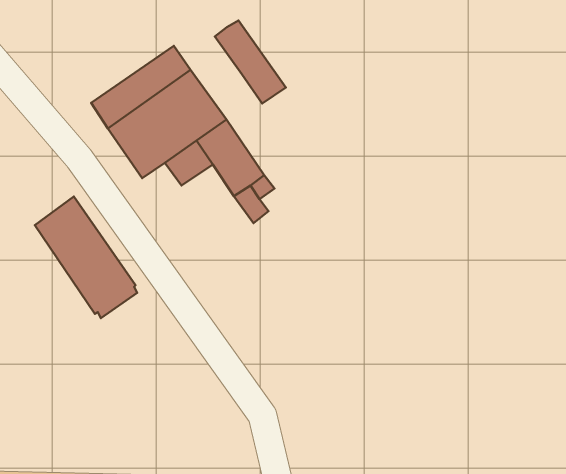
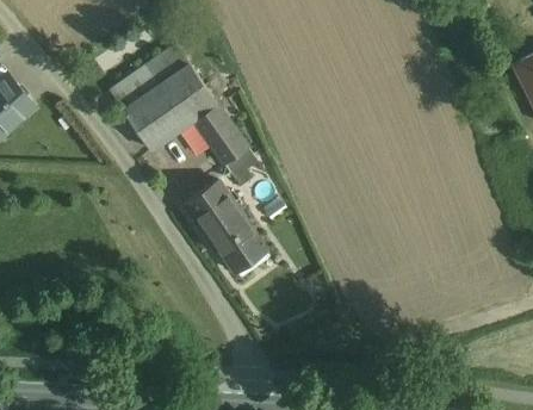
building: [215,21,286,103] -> none
building: [35,197,137,318] -> [187,180,268,277]

